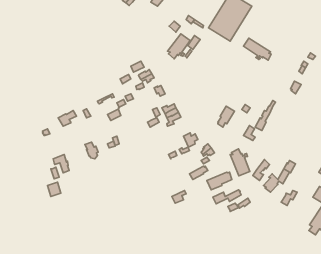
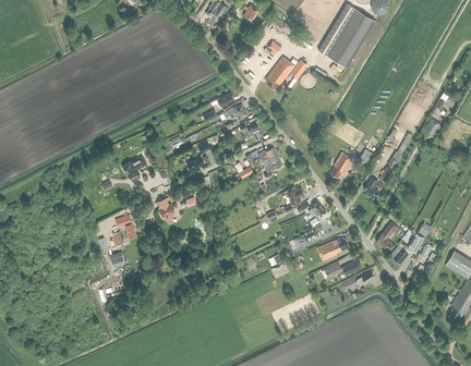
building: [243,38,271,60] -> none
building: [230,149,250,176] -> none

